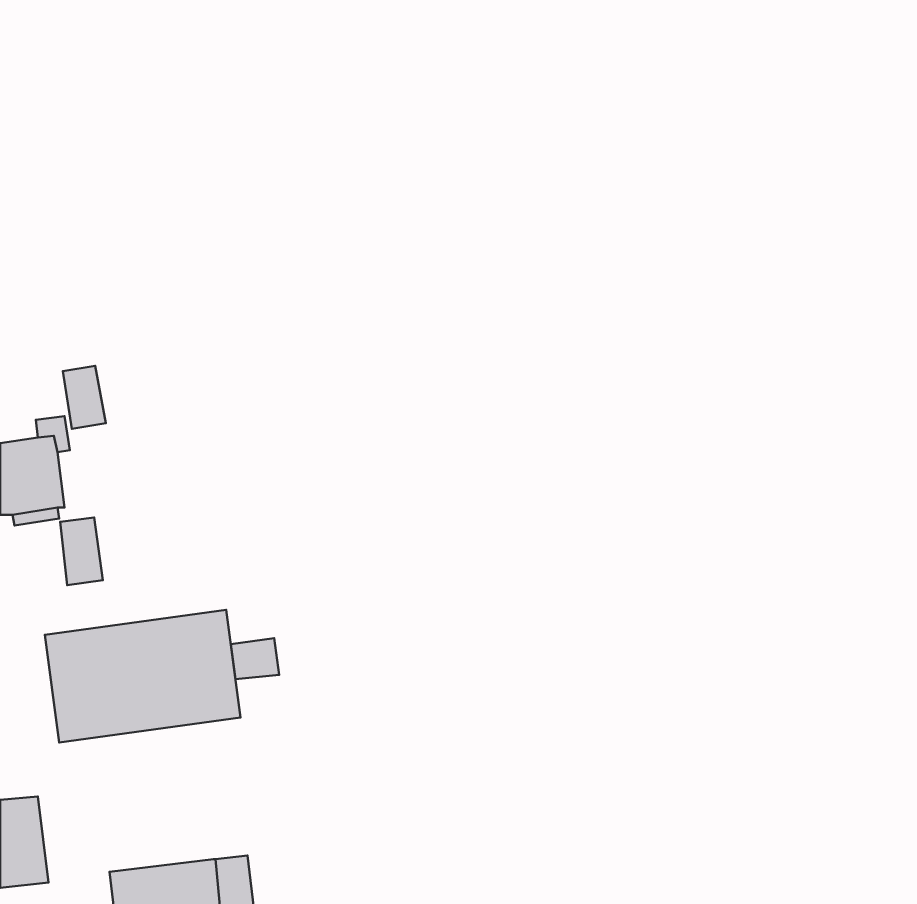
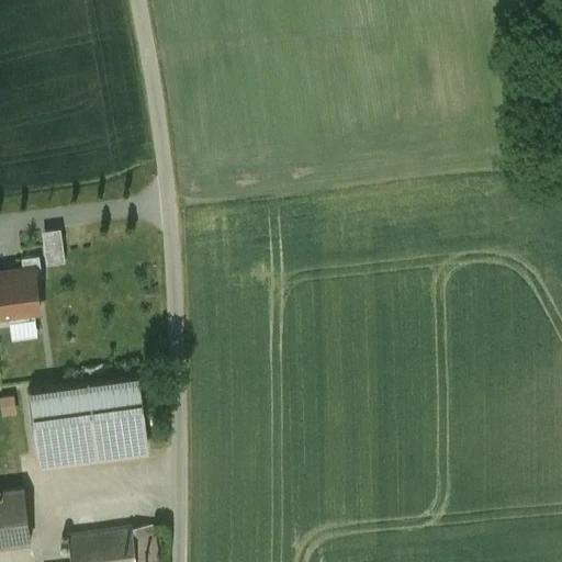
building: [60,517,103,585] -> none
building: [231,638,279,679] -> none

